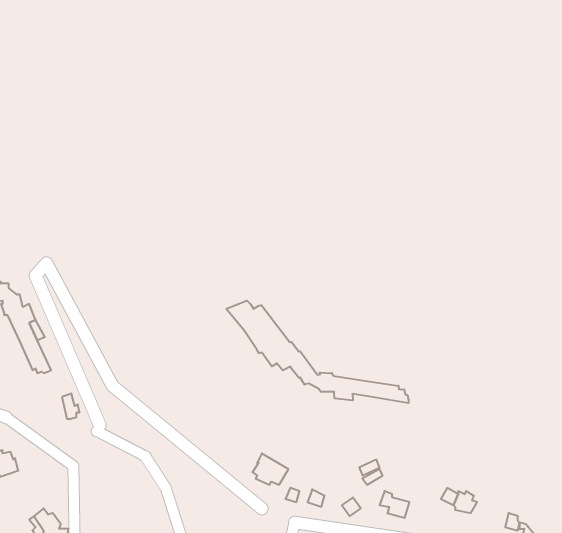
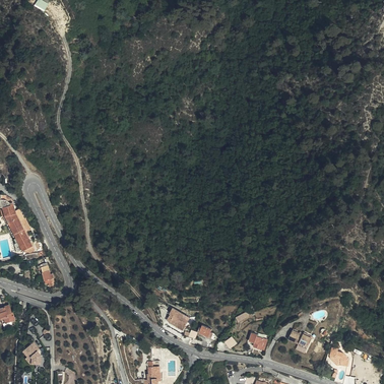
building: [226,301,409,403] -> none

